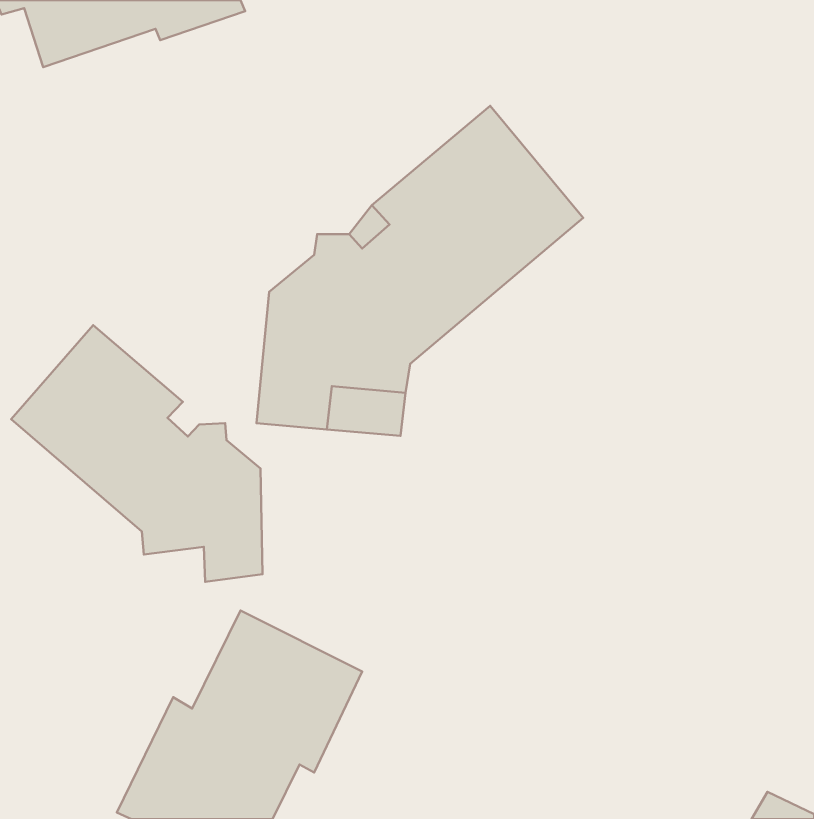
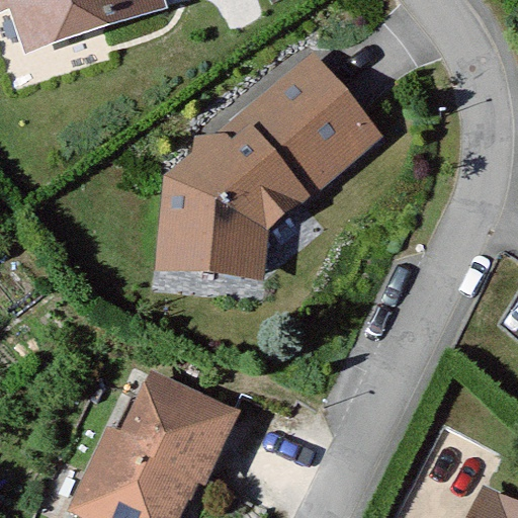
building: [11,325,263,582] -> none

